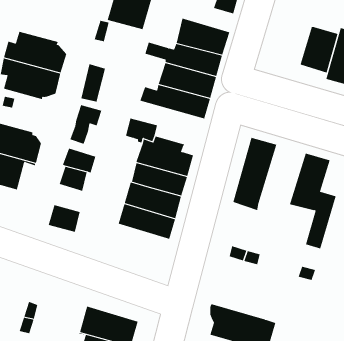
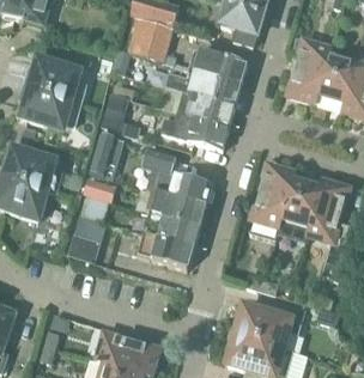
building: none -> [291,41,332,99]
building: none -> [278,172,323,239]
building: none -> [230,299,307,346]

